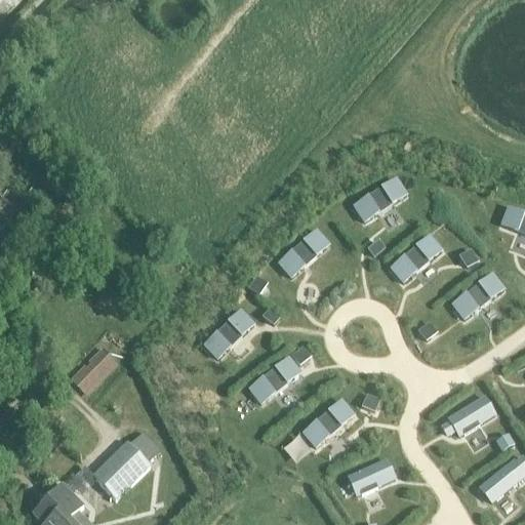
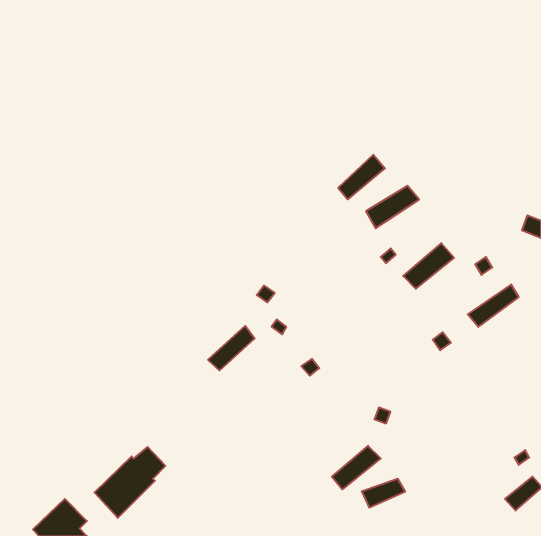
building: [281,230,326,273] -> [338,155,385,199]
building: [74,350,115,391] -> none
building: [253,359,300,402] -> none
building: [443,399,487,436] -> none
building: [304,402,351,444] -> [332,446,381,489]

